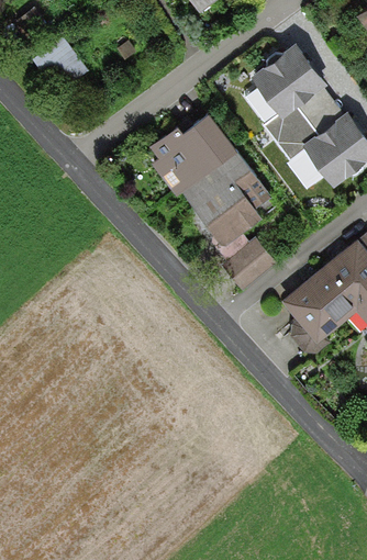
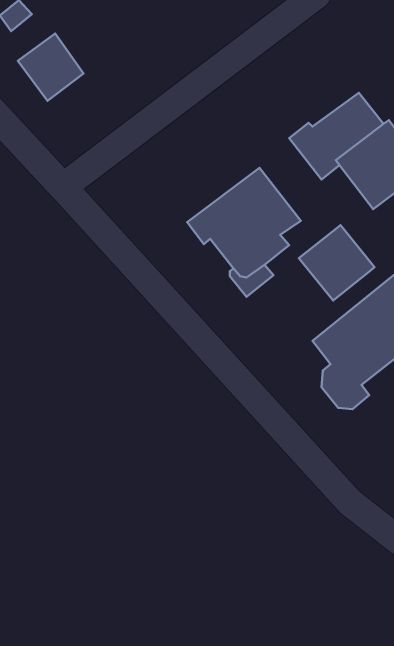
building: [251,41,327,116] -> none
building: [151,112,237,198] -> none
building: none -> [299,225,375,300]

